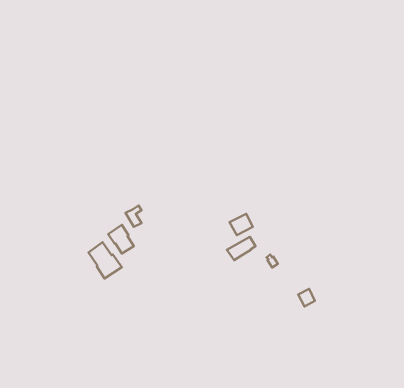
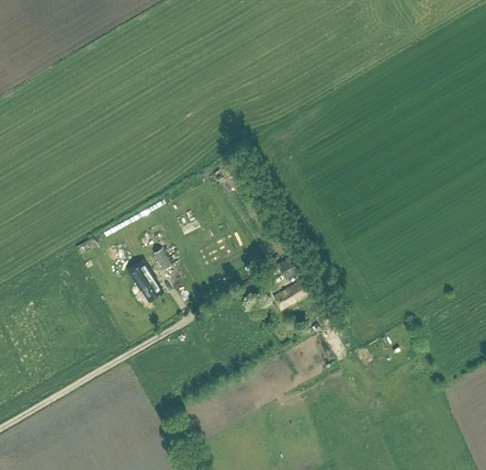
building: [88,242,122,279] -> none

